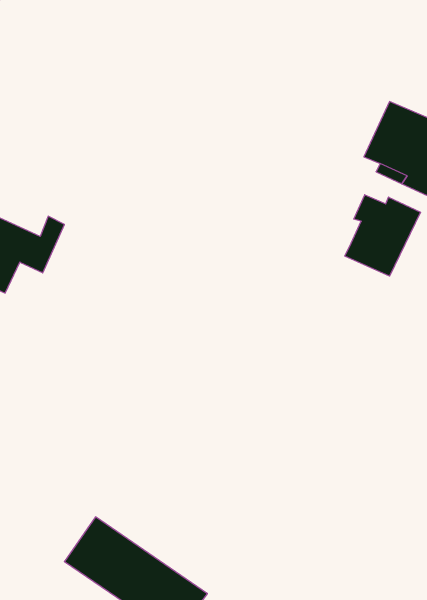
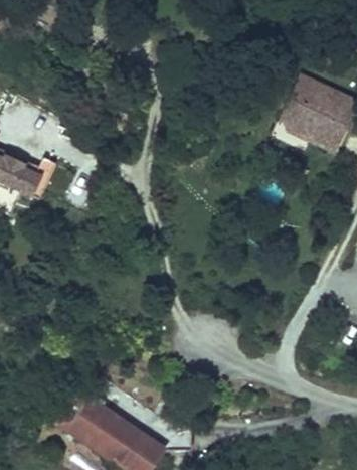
building: [345,195,421,276] -> none

